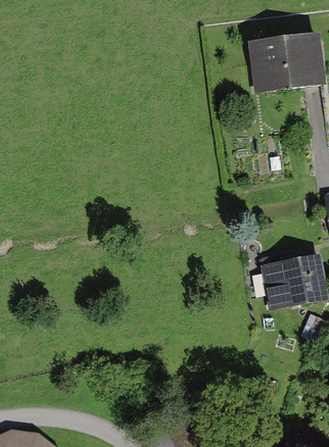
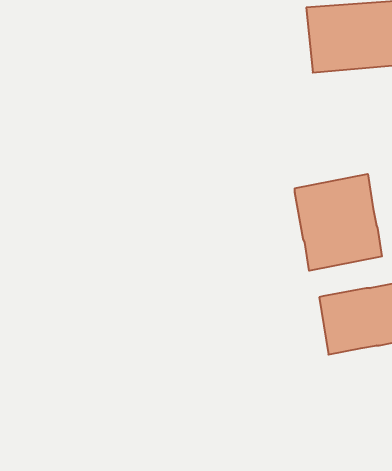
building: none -> [295,174,382,271]

